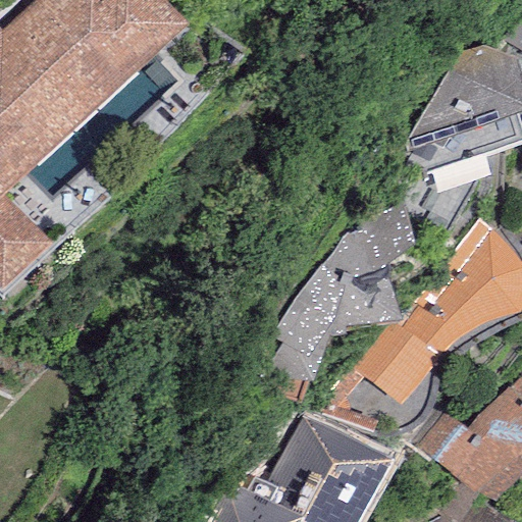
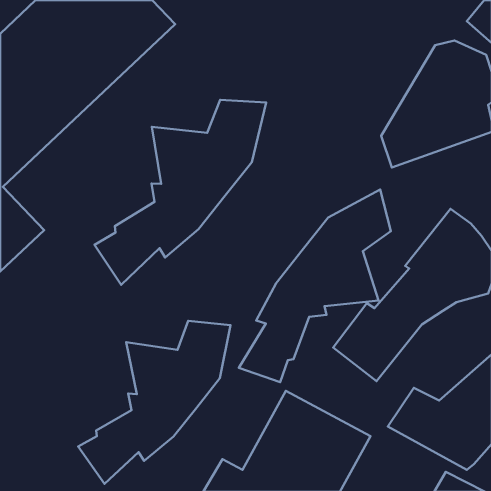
building: none -> [95,100,266,285]
building: none -> [78,321,231,484]

